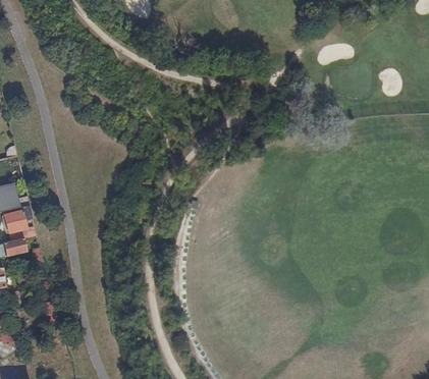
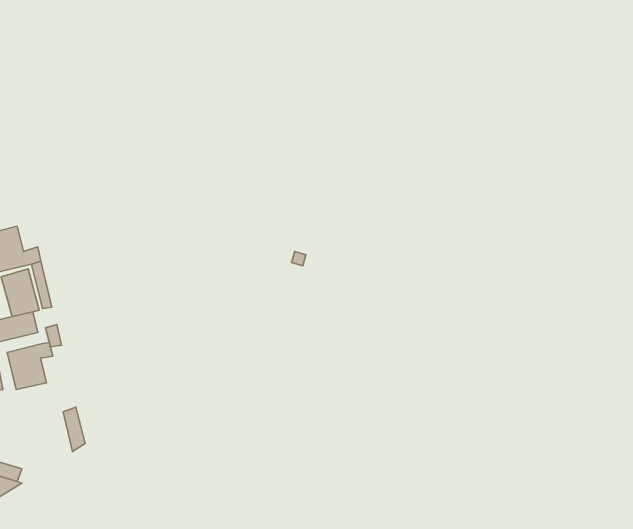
building: none -> [7,343,53,390]

